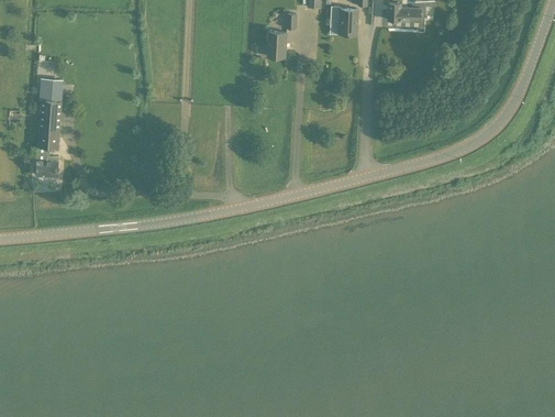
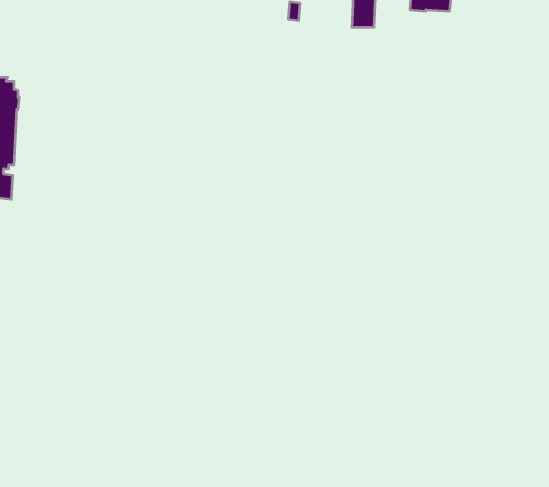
building: [267,32,286,57] -> none

